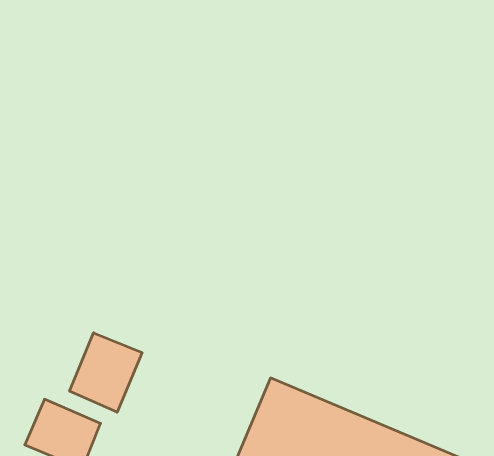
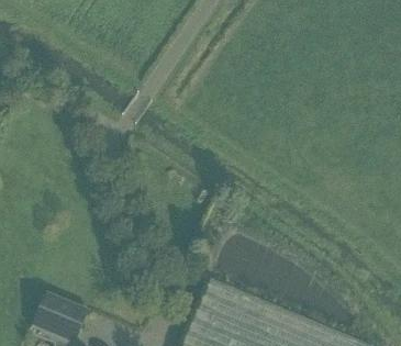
building: [70,333,142,412] -> none

